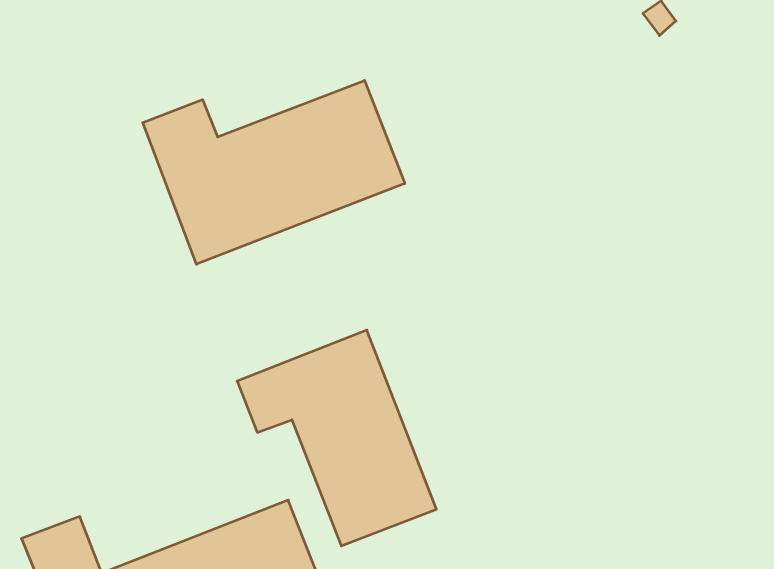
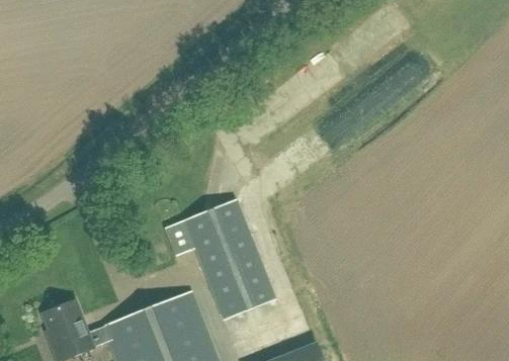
building: [143,80,405,264] -> none

